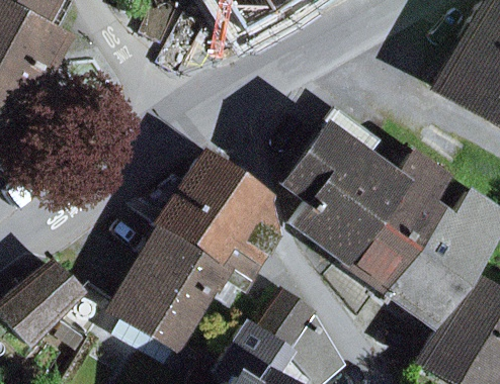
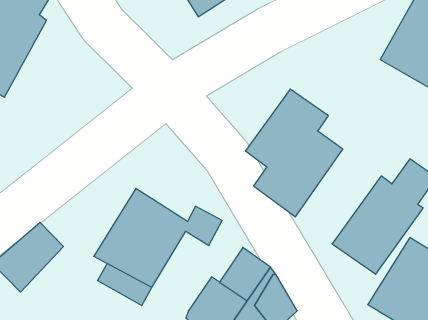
building: [339,155,442,289] -> none
building: [152,159,270,264] -> none

